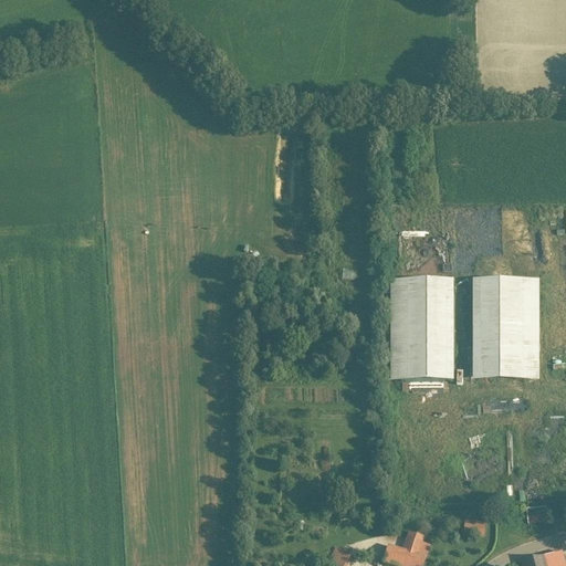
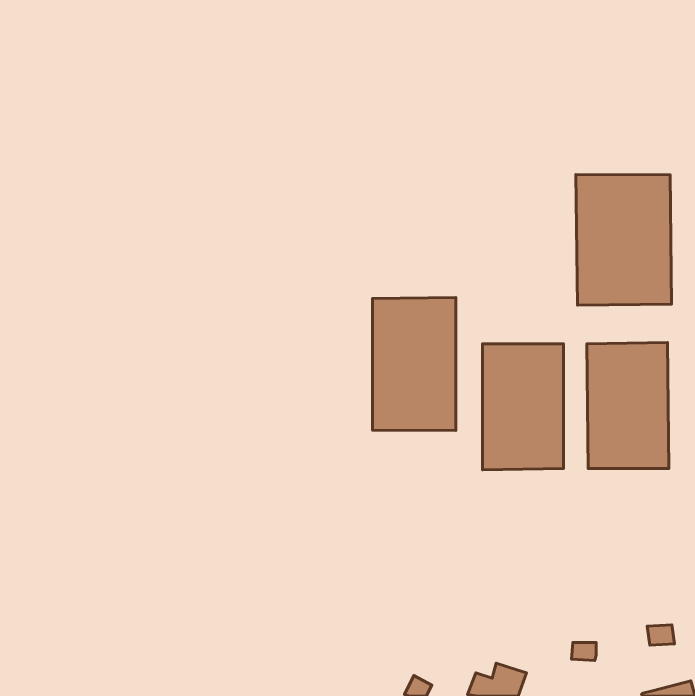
building: none -> [576,174,672,305]
building: none -> [373,297,456,431]

